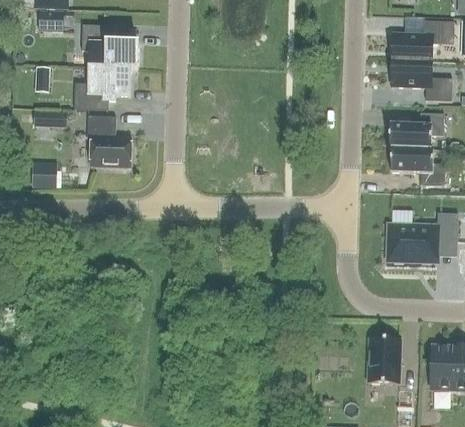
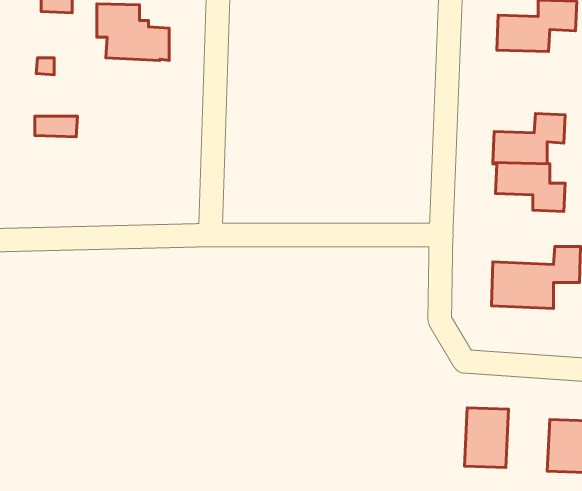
building: [391,60,452,102] -> none
building: [74,66,131,110] -> none
building: [87,115,131,167] -> none
building: [32,161,57,187] -> none

